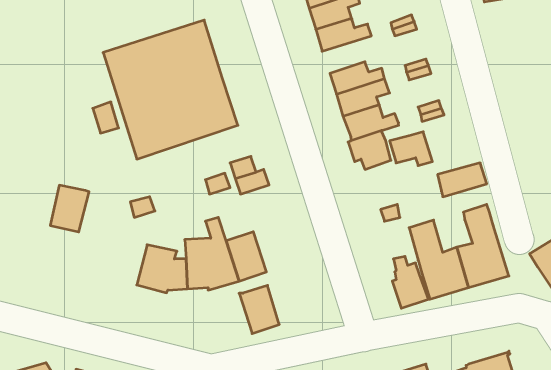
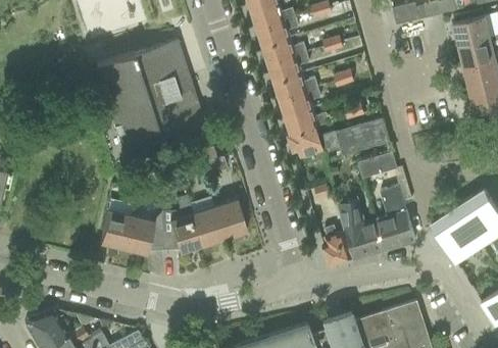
building: none -> [268,52,310,82]
building: none -> [348,118,390,151]
building: [50,185,89,232] -> [100,211,131,248]
building: [239,285,279,334] -> [214,200,246,238]

